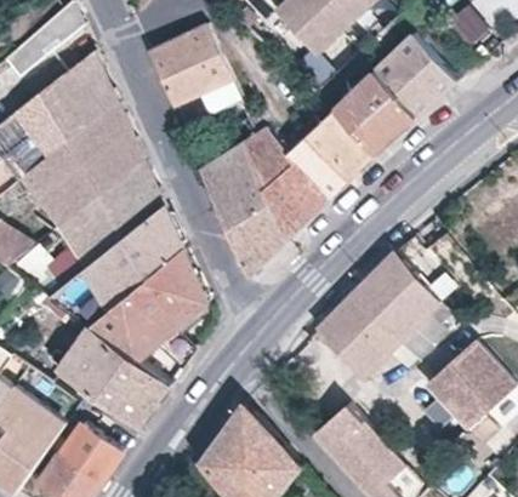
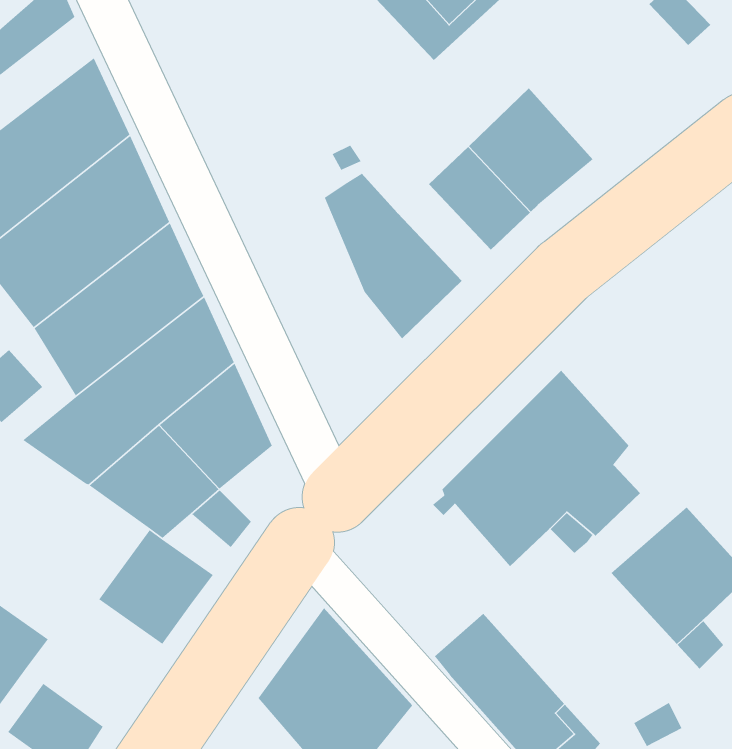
building: [147,23,241,116] -> none
building: [374,34,456,118] -> none
building: [290,133,349,195] -> none
building: [200,142,292,275] -> none
building: [58,325,131,399] -> none
building: [63,423,124,480] -> none

